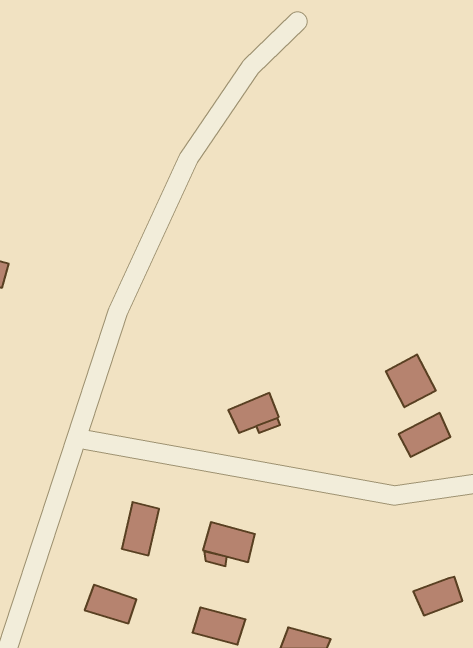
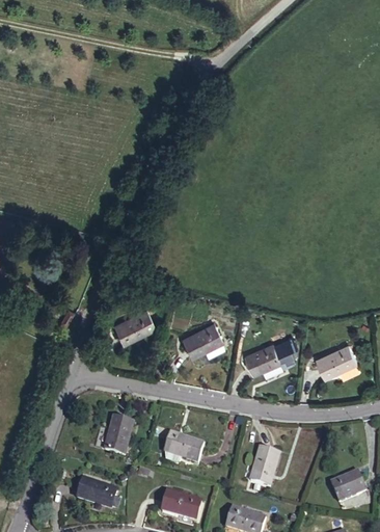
building: [386,354,436,407] -> none
building: none -> [118,307,161,341]
building: none -> [247,344,286,376]
building: none -> [251,444,281,486]

